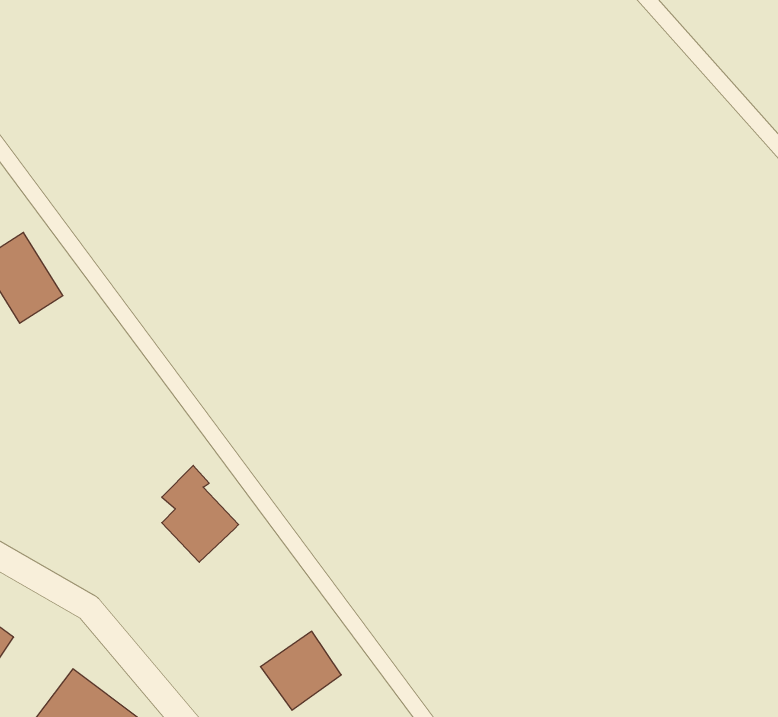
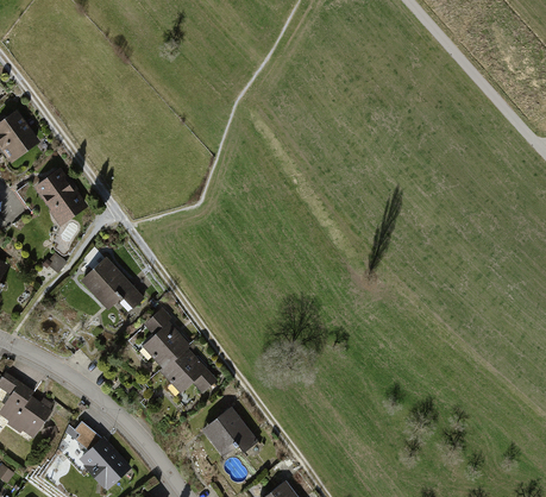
building: none -> [80,257,145,312]
building: none -> [162,347,218,392]

